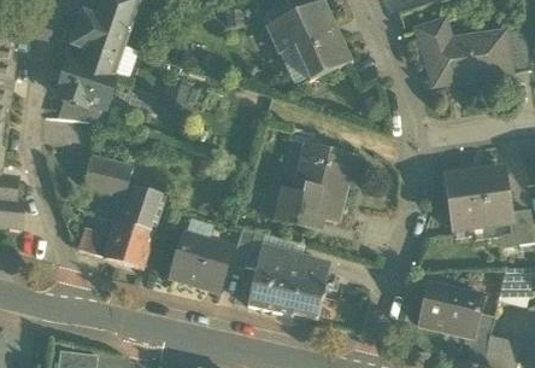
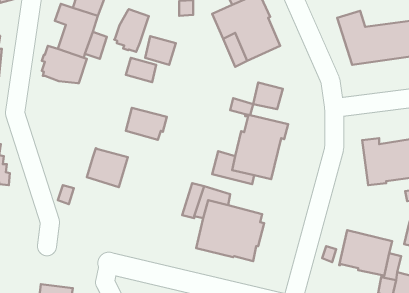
building: none -> [114,9,149,52]
building: none -> [145,36,176,65]
building: [57,97,104,119] -> none
building: none -> [253,83,283,109]
building: [83,156,133,194] -> [126,108,167,140]
building: [105,218,153,265] -> none
building: [172,233,229,288] -> none

